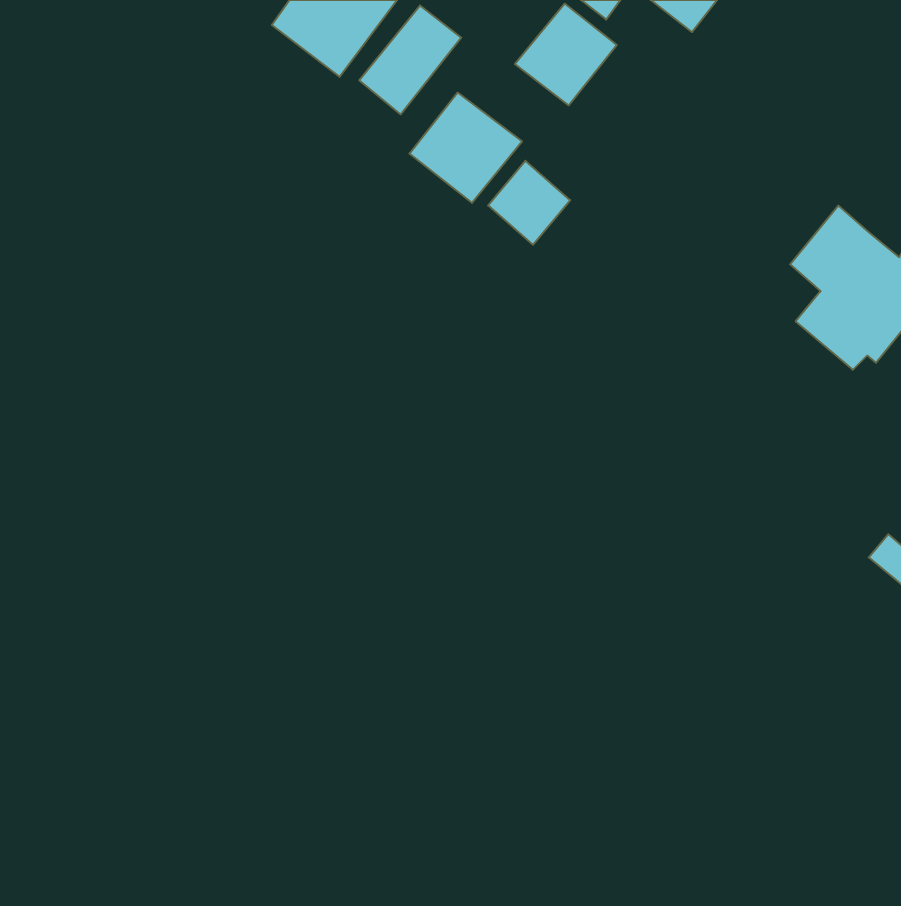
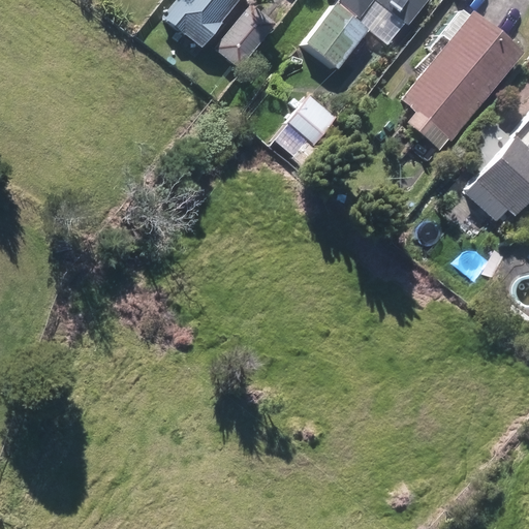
building: none -> [403,13,520,138]
building: [409,93,522,203] -> none

